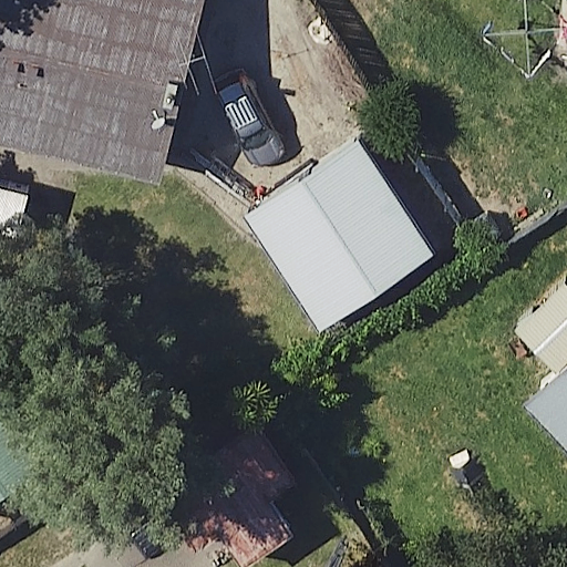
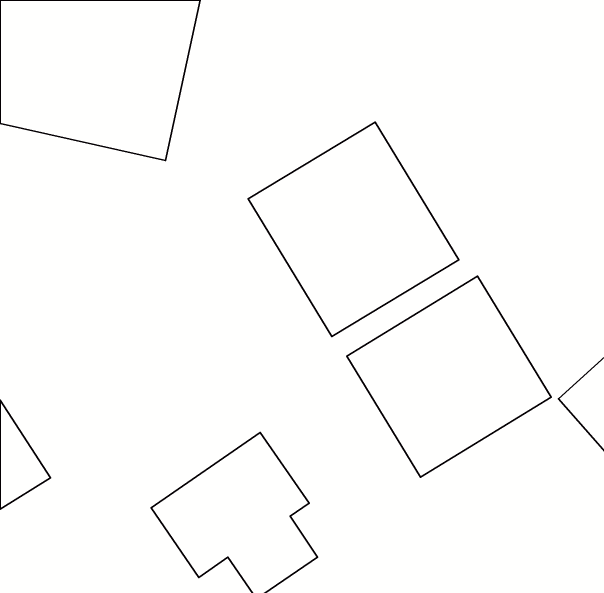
building: none -> [347,276,551,477]

